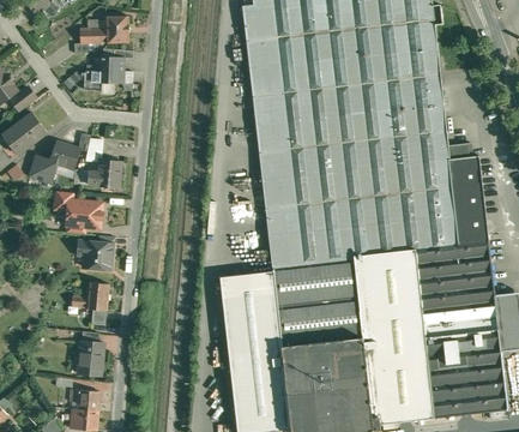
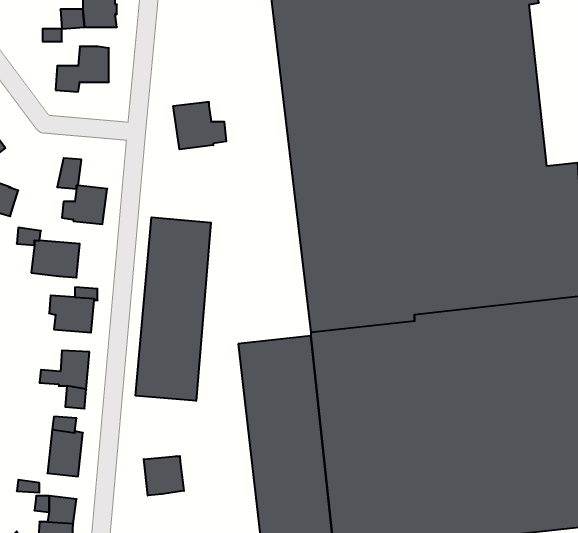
building: none -> [173,102,226,149]
building: [49,142,80,169] -> none
building: none -> [136,217,211,401]
building: none -> [144,456,184,496]

